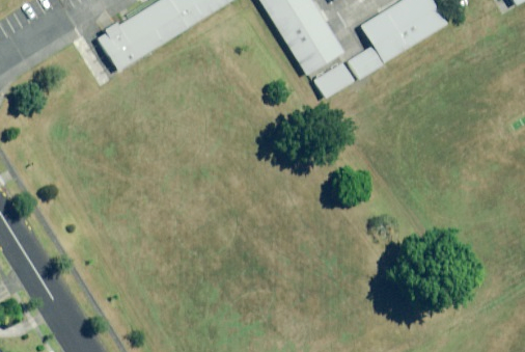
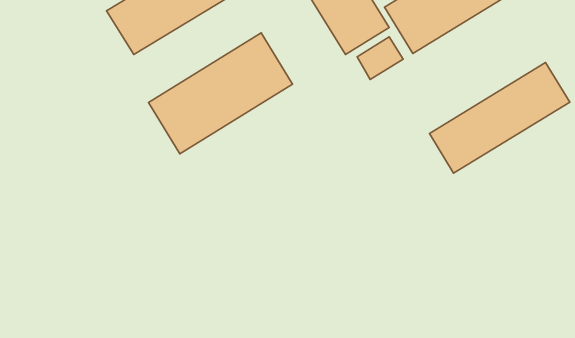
building: none -> [148,33,293,154]
building: none -> [429,63,570,173]

